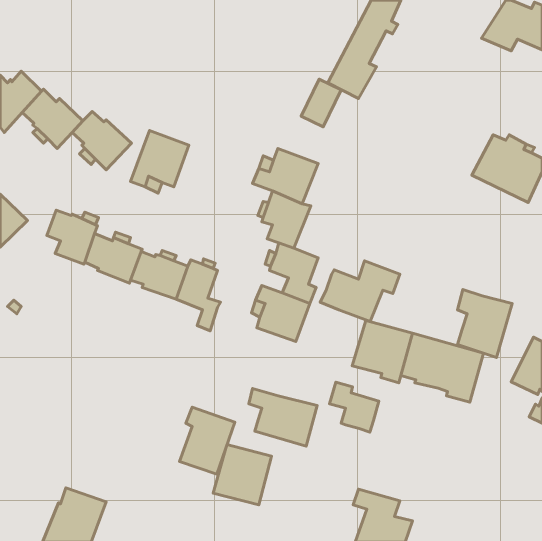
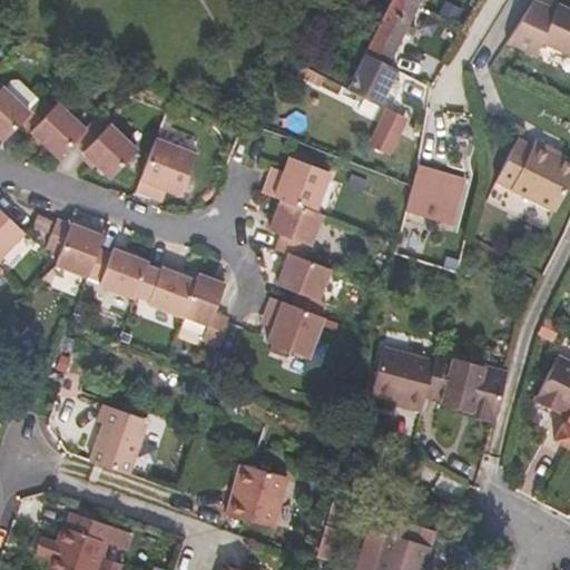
building: [301,79,341,127] -> [364,105,406,155]
building: none -> [405,165,465,226]
building: [320,261,400,321] -> none
building: [457,289,512,357] -> none
building: [330,382,379,432] -> none
building: [249,388,317,446] -> none
building: [180,407,235,474] -> [87,406,145,476]

